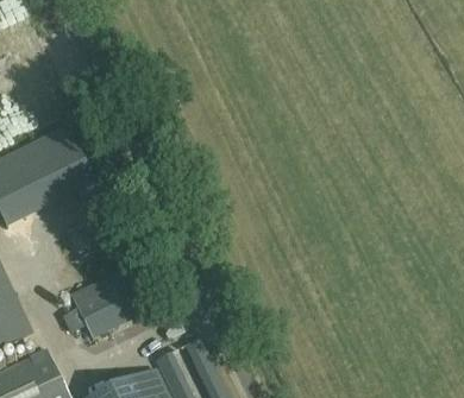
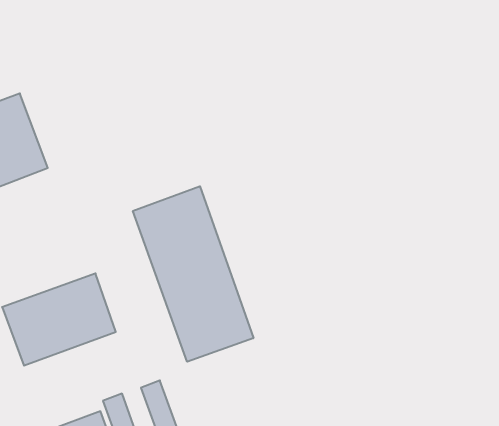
building: none -> [133,186,253,362]

